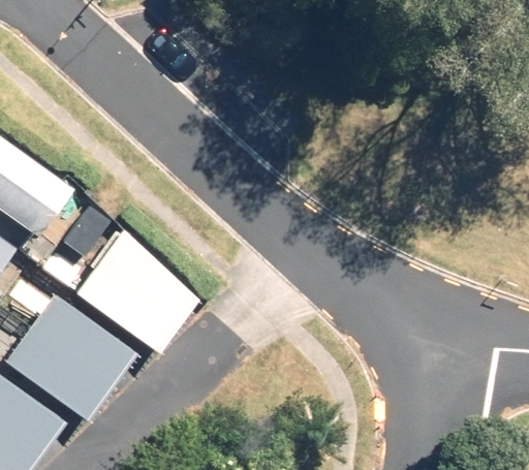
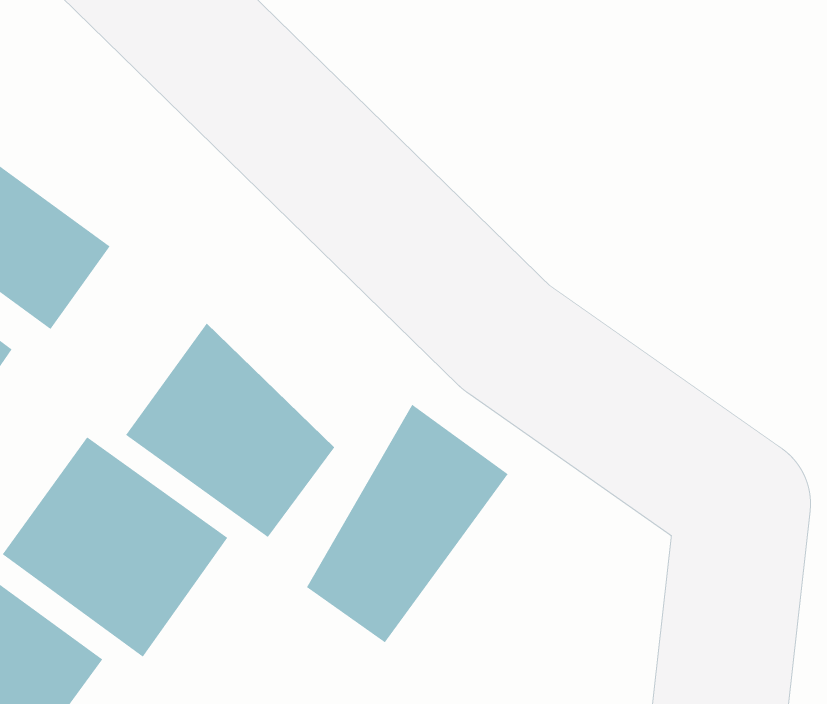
building: none -> [306,404,509,643]

